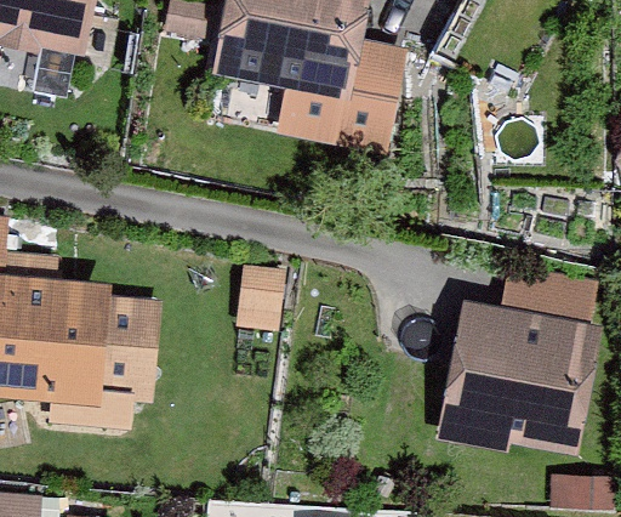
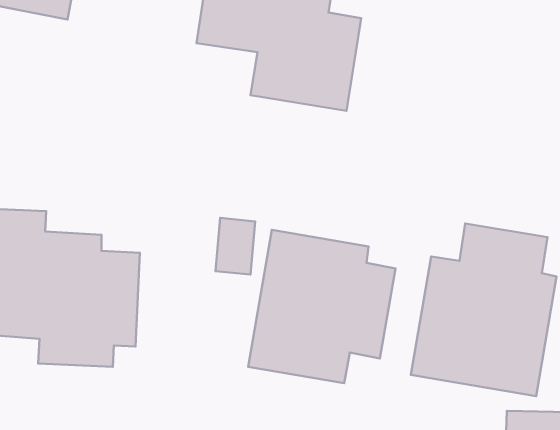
building: none -> [248,230,396,383]

